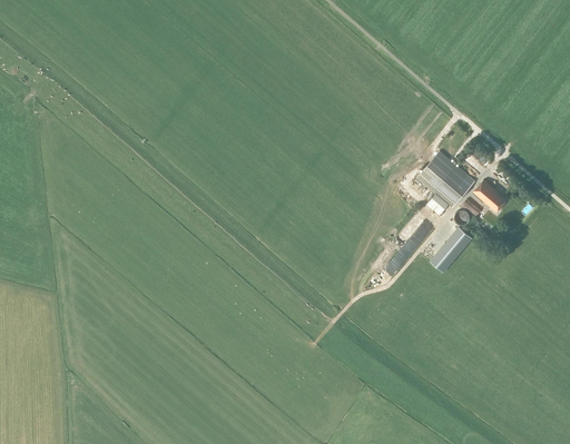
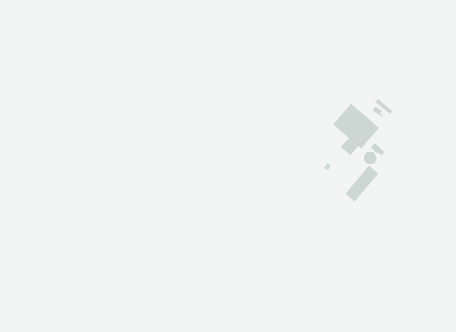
building: [473,179,508,211] -> none

